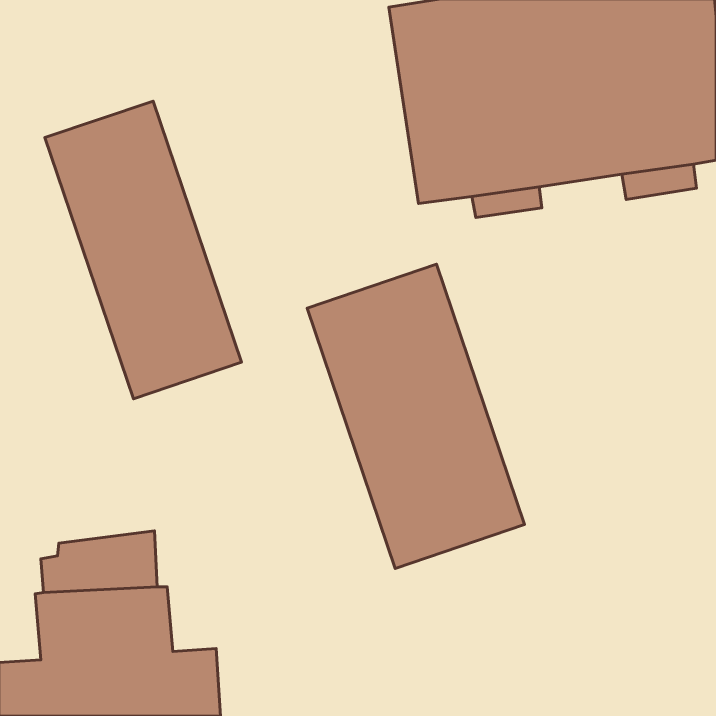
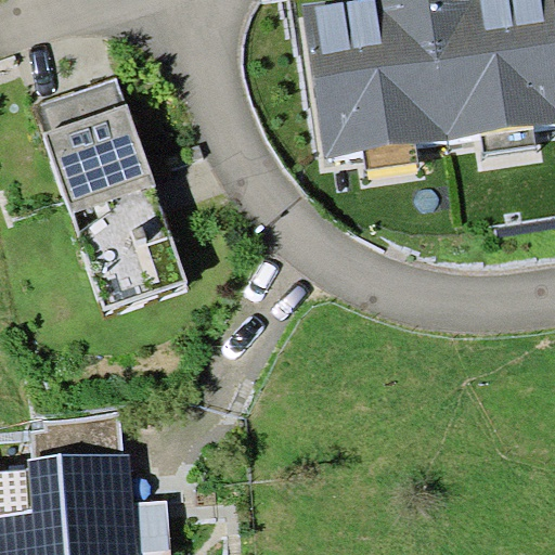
building: [307,264,525,568] -> none

